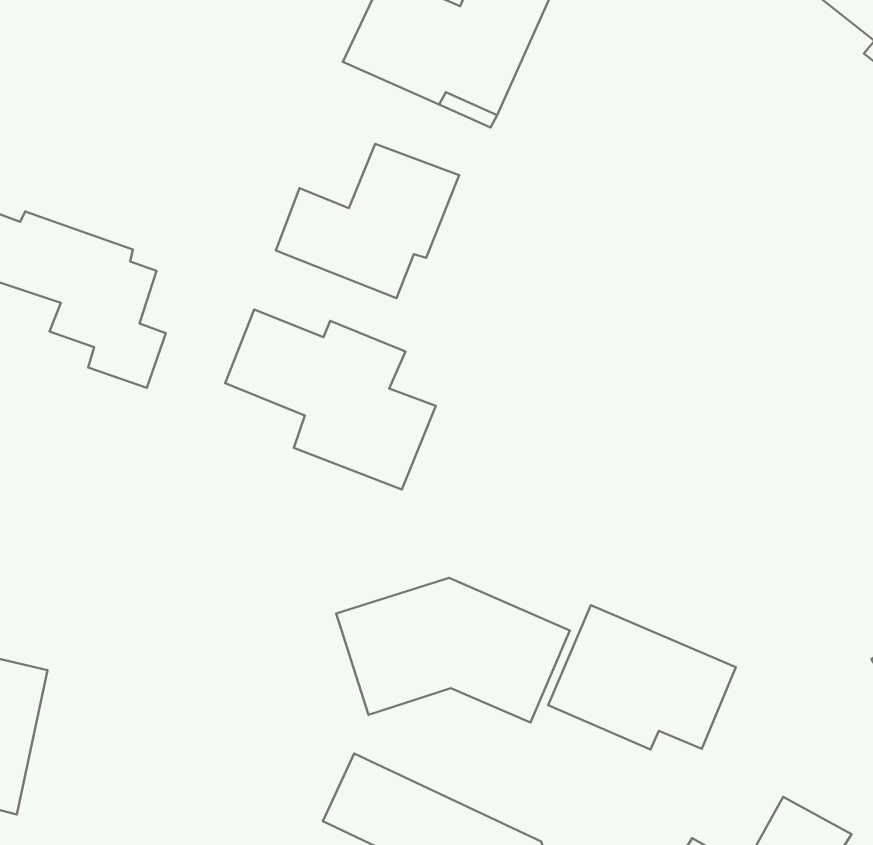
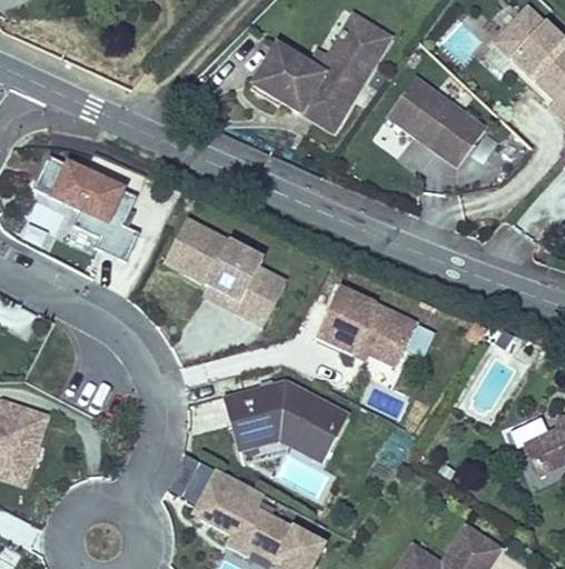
building: none -> [387,77,485,164]
building: [276,144,459,298] -> none
building: [548,605,736,749] -> [315,287,423,373]

